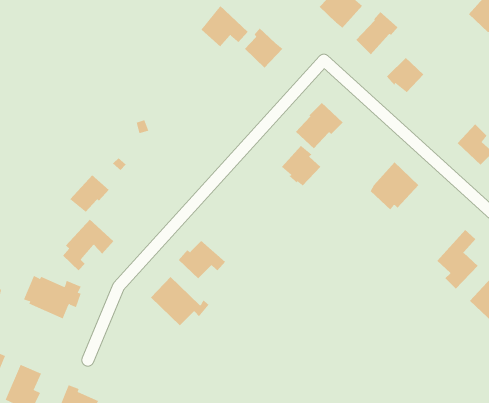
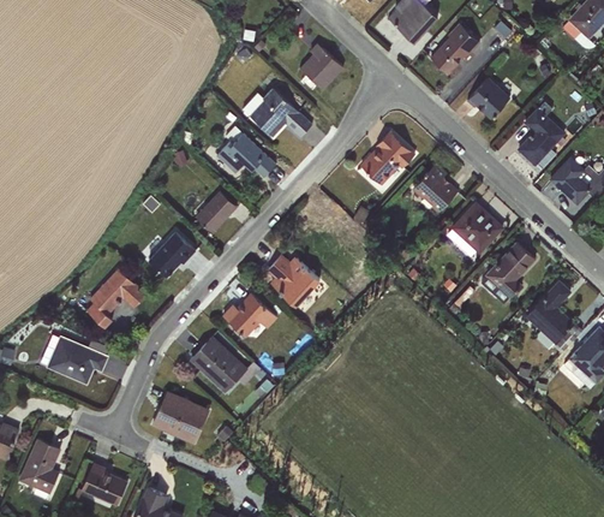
building: [201,5,249,47] -> [250,87,306,136]
building: none -> [516,107,566,166]
building: none -> [216,125,276,177]
building: [281,145,321,186] -> [412,165,459,213]
building: none -> [195,190,237,233]
building: [70,175,110,212] -> [148,231,195,275]
building: none -> [480,240,537,298]
building: none -> [267,254,321,307]
building: none -> [150,390,210,445]

